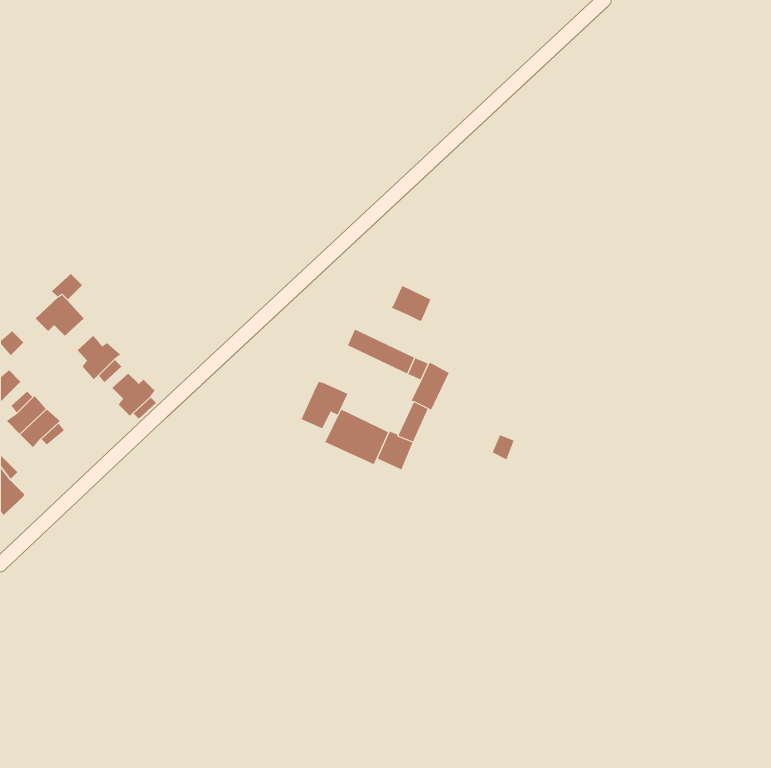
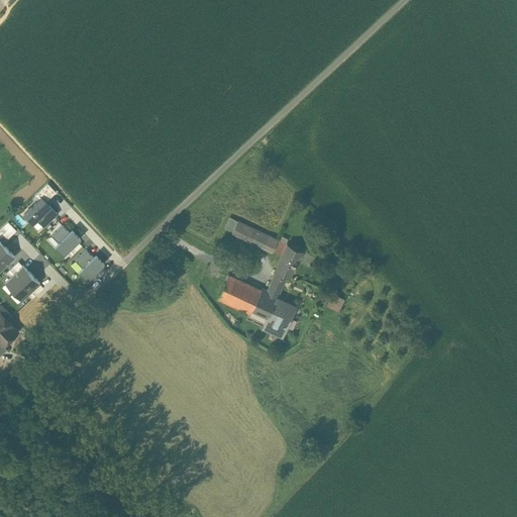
building: [391,285,431,322] -> none
building: [301,381,348,429] -> none
building: none -> [263,298,295,337]

